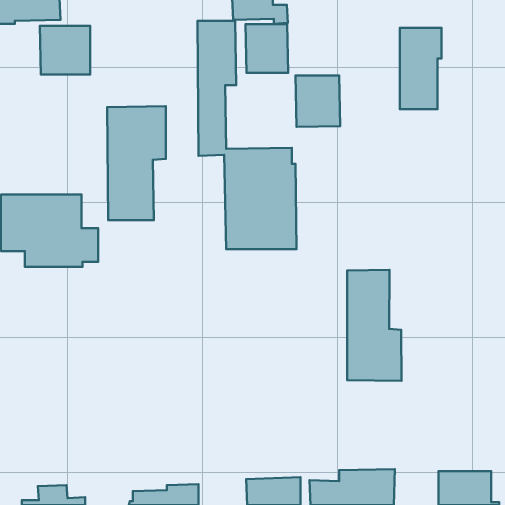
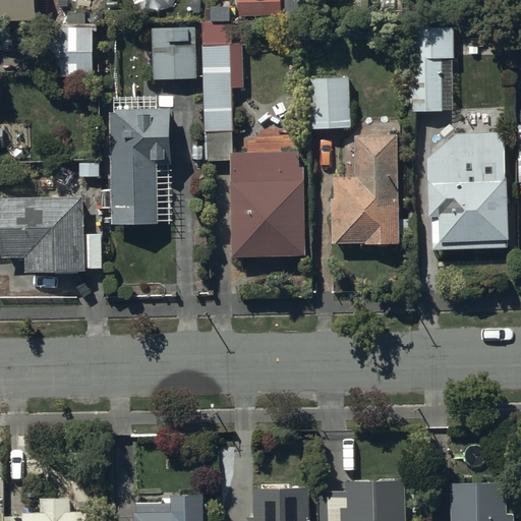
building: [246,24,288,73] -> [152,28,195,78]
building: none -> [426,132,507,249]
building: none -> [333,136,413,245]
building: [347,270,402,381] -> none

